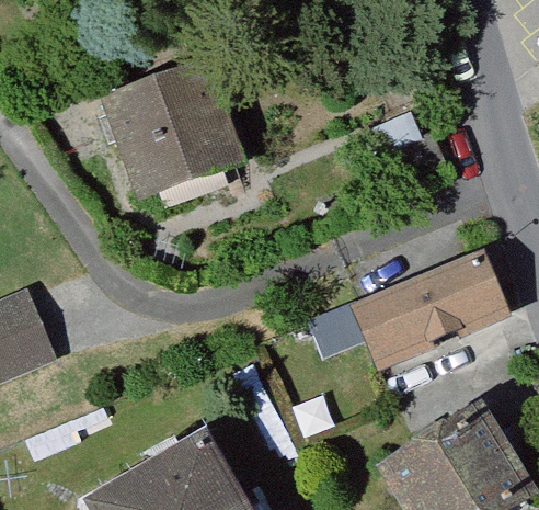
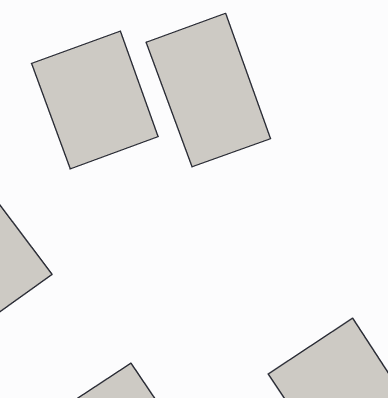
building: none -> [146,13,271,167]
building: [344,251,504,370] -> none

